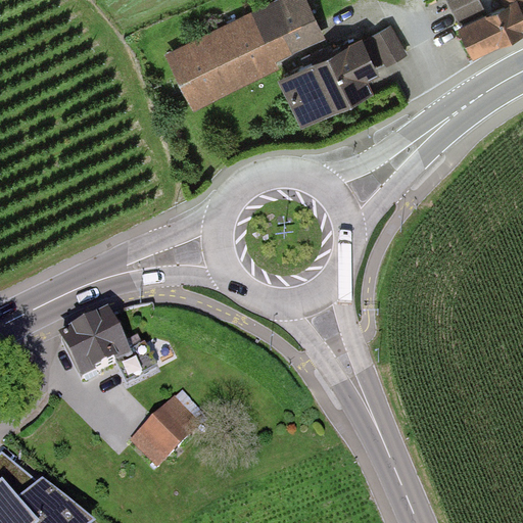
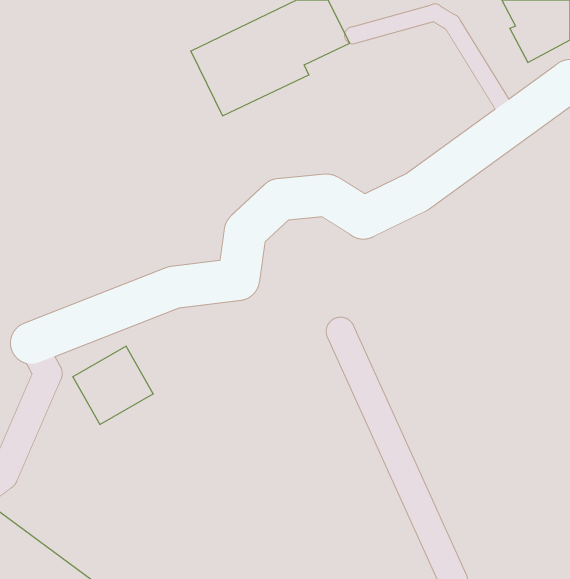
building: [283,25,402,127] -> none
building: [128,397,203,471] -> none

